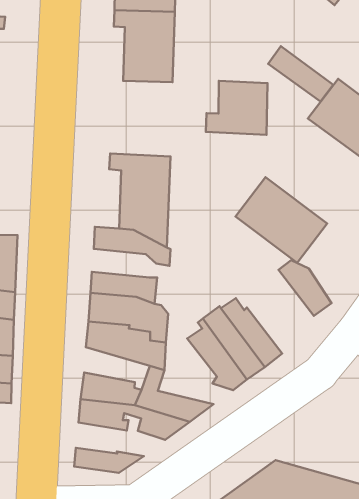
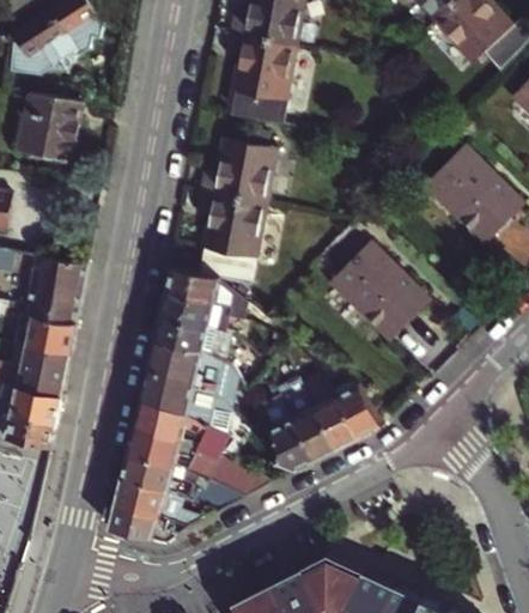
building: [268,46,333,102] -> none
building: [206,81,267,135] -> [200,138,275,205]
building: none -> [160,293,247,334]
building: [278,260,332,316] -> [324,375,377,439]
building: none -> [135,400,208,456]
building: none -> [114,481,201,529]

